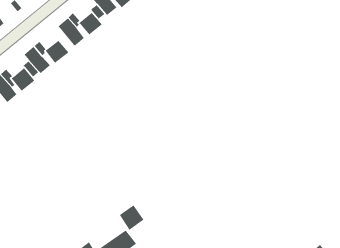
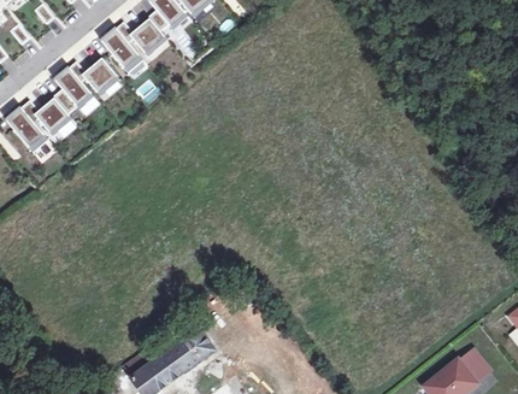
building: [119,205,145,231] -> none

